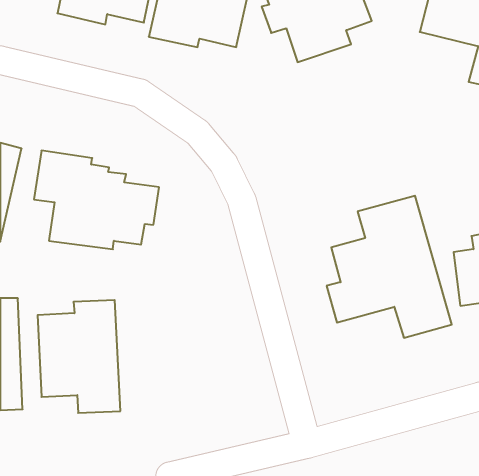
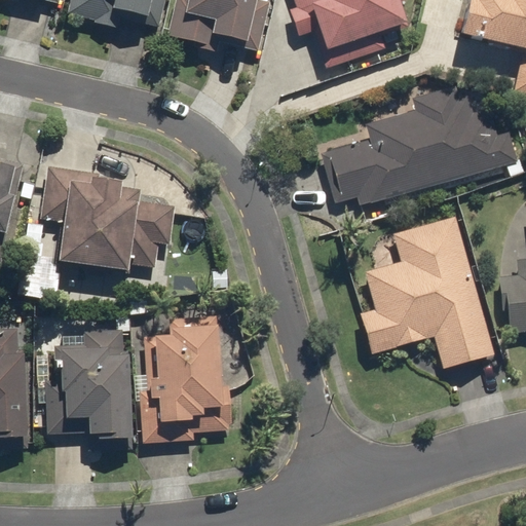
building: none -> [320,84,518,205]
building: none -> [138,315,232,442]

